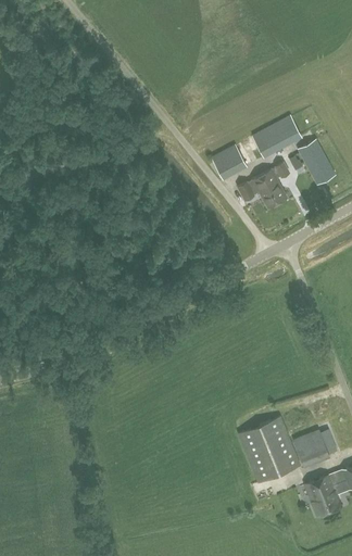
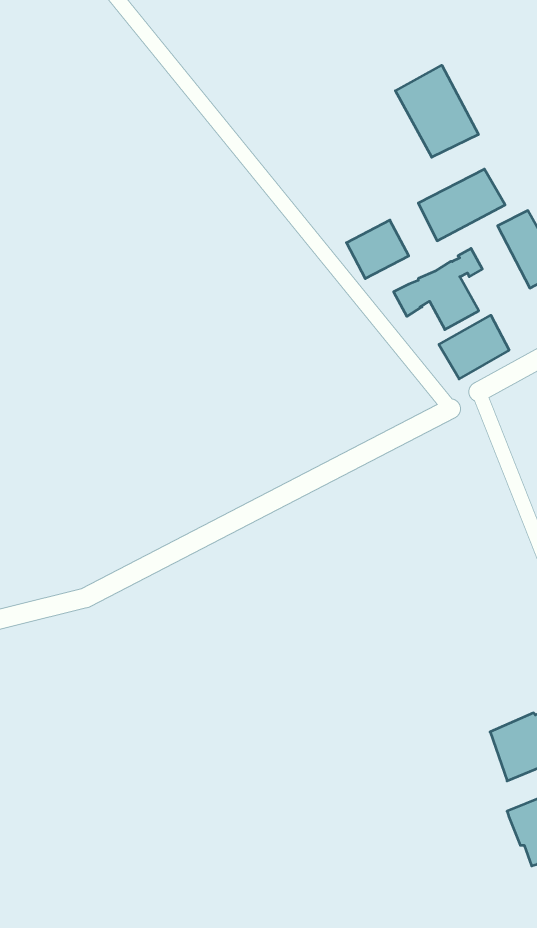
building: none -> [395,65,478,157]
building: none -> [439,315,509,379]
building: [238,417,301,483] -> none

